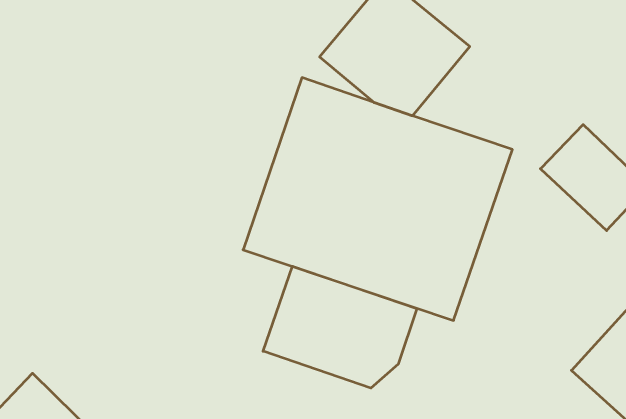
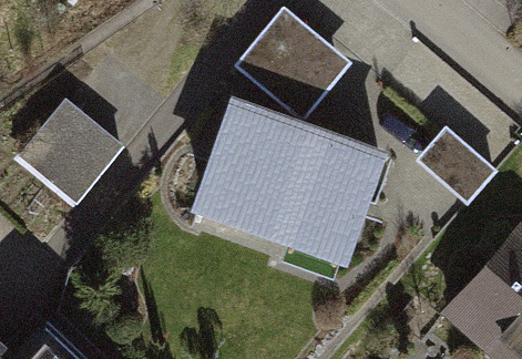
building: none -> [16,109,124,216]
building: [263,266,417,388] -> none

